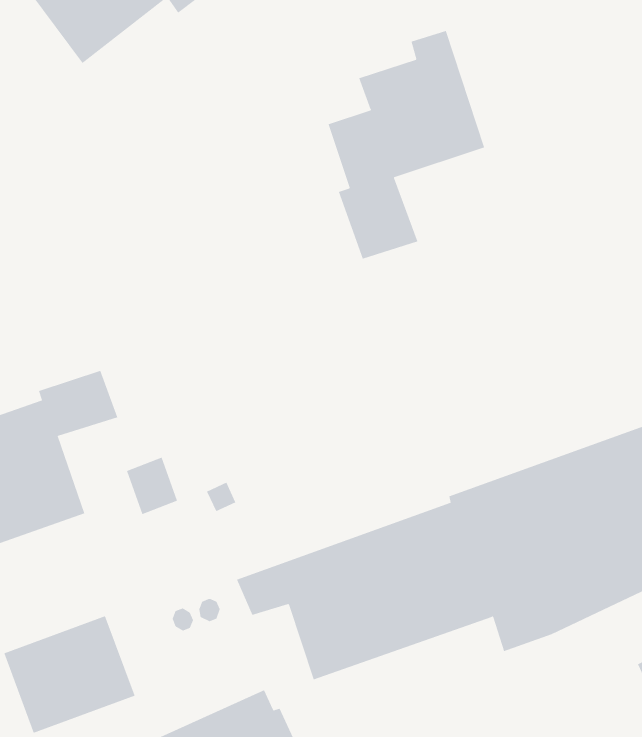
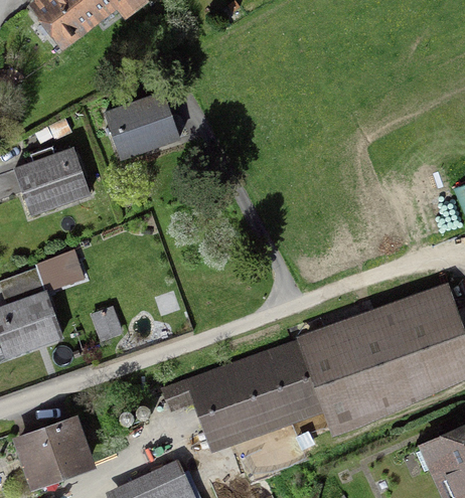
building: [328,30,485,259] -> none
building: none -> [104,97,181,166]
building: none -> [14,151,91,222]

